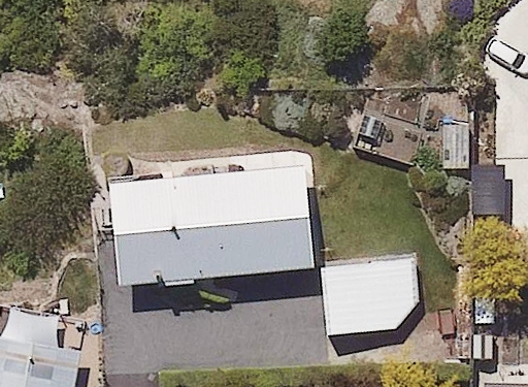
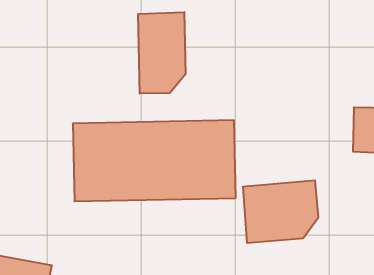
building: none -> [138,12,186,94]

